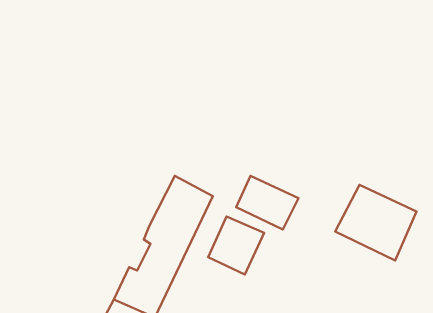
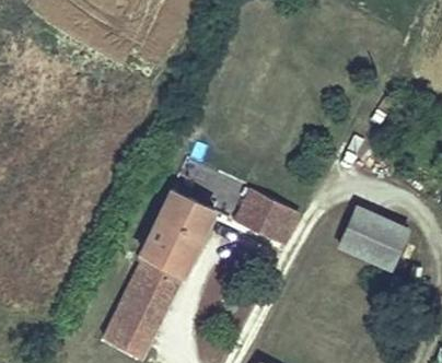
building: [208,216,264,274] -> none

